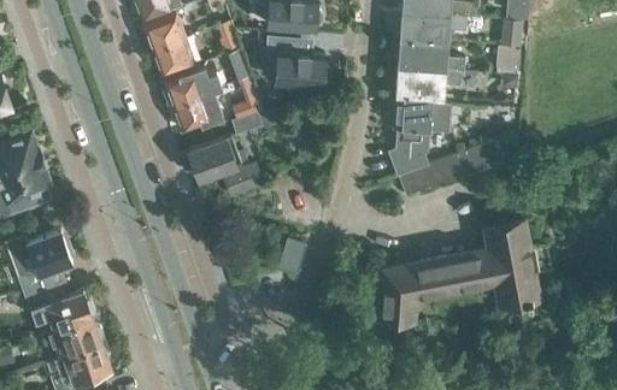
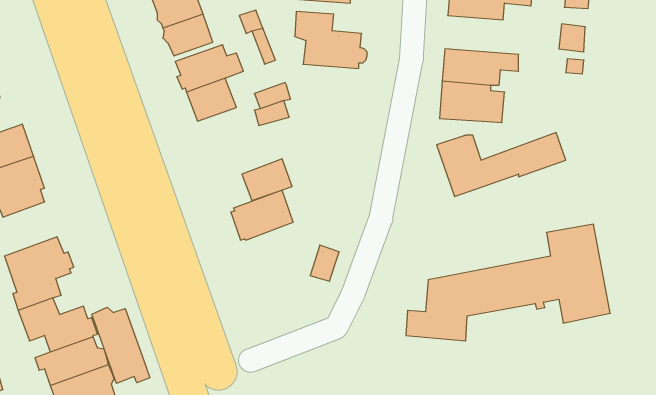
building: [398,41,462,73] -> none
building: [188,137,242,181] -> [231,190,293,240]
building: none -> [92,307,150,383]

